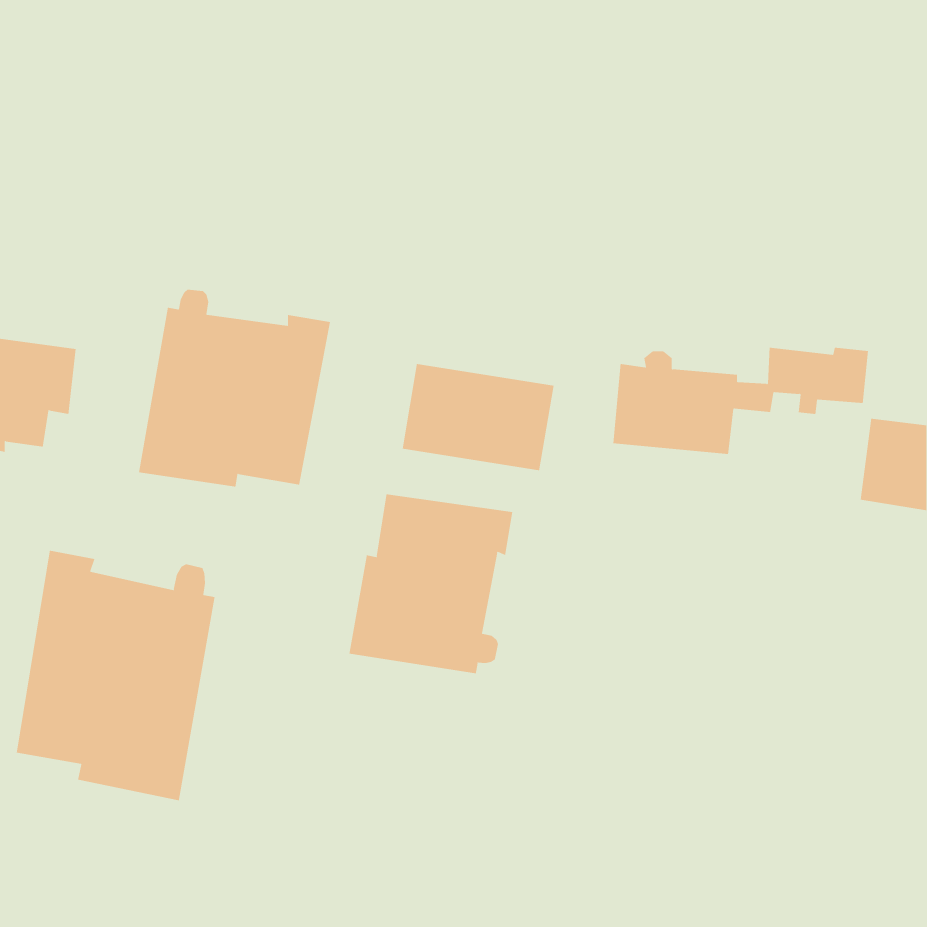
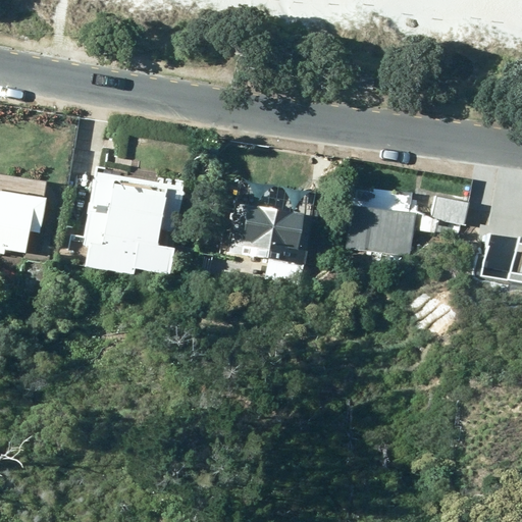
building: [349,494,513,674] -> none
building: [16,550,215,801] -> none

